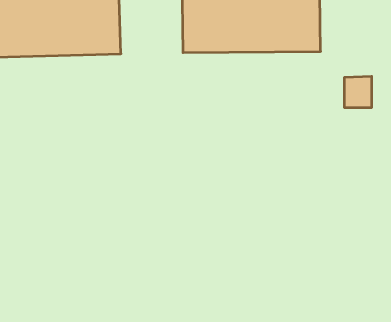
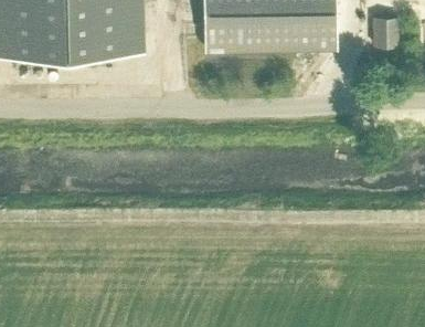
building: [344,76,372,107] -> [373,19,400,49]

